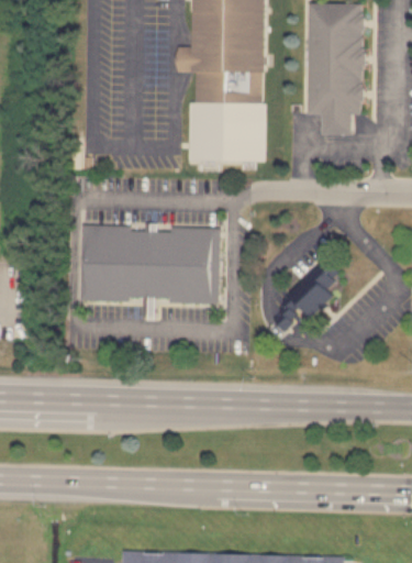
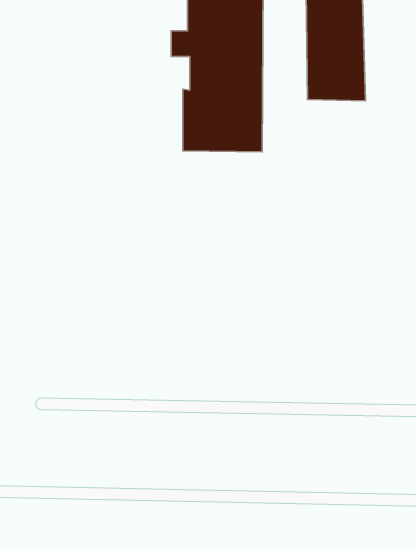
building: [80,229,216,303] -> none
building: [288,264,334,318] -> none

